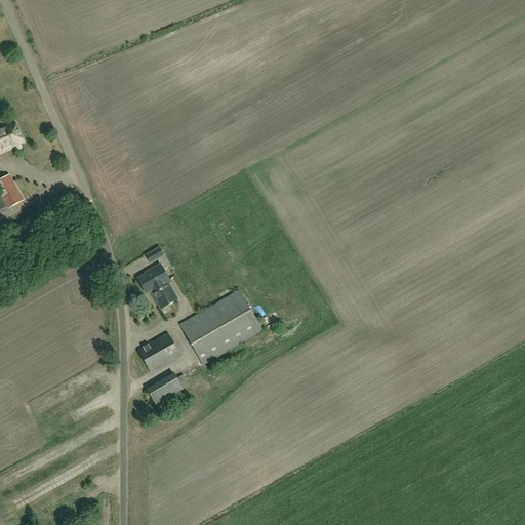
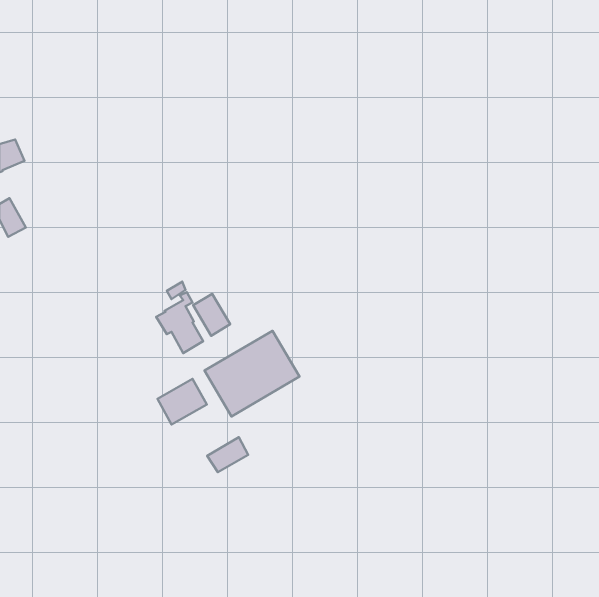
building: none -> [193,294,230,336]
building: [146,372,181,403] -> [207,437,248,472]

